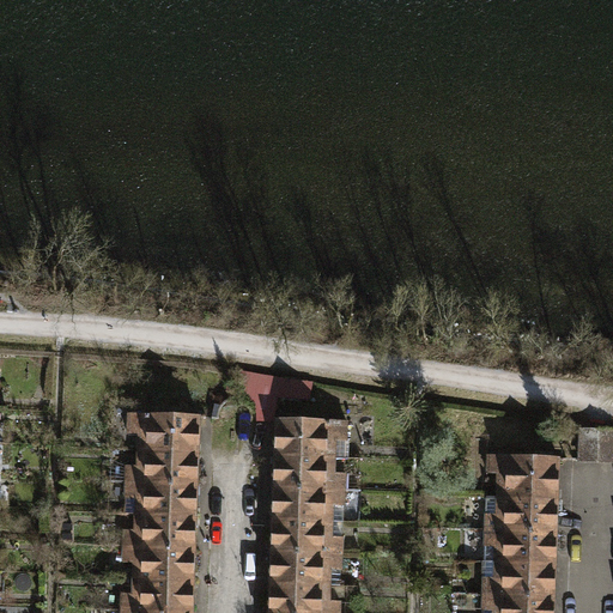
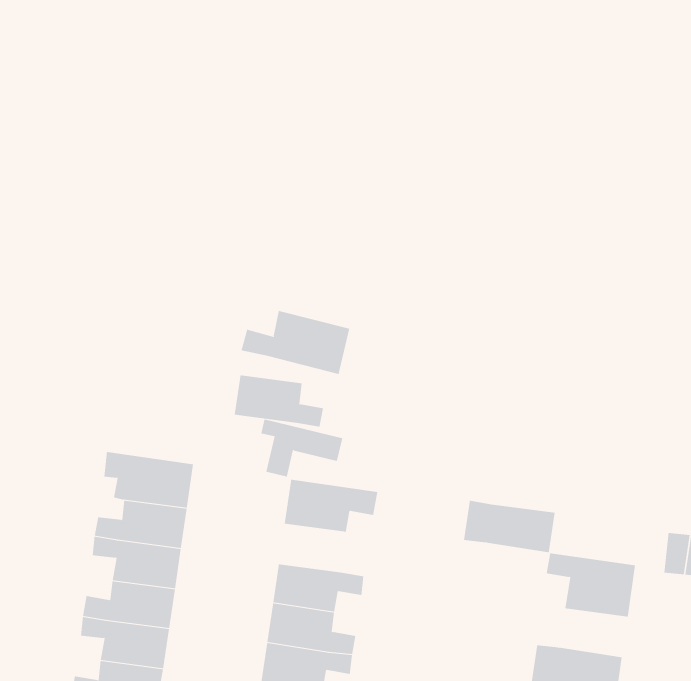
building: none -> [241,310,350,375]
building: [274,455,345,490] -> [234,375,324,427]
building: [486,497,557,532] -> [463,500,555,553]

